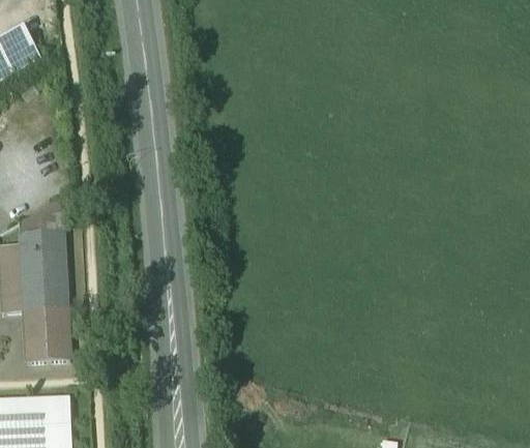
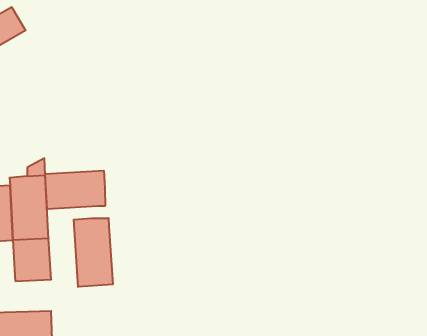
building: none -> [45,171,105,209]
building: none -> [74,218,113,287]

